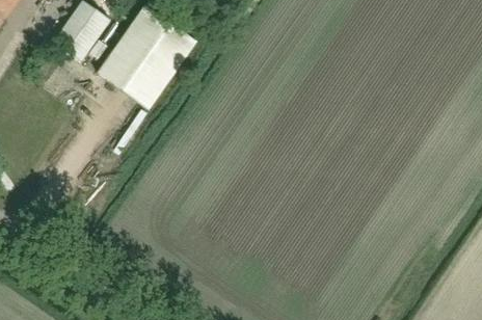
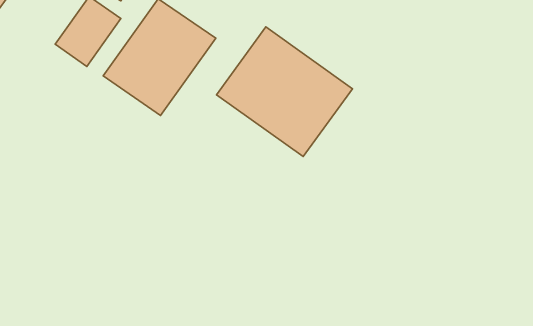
building: none -> [216,27,353,157]

